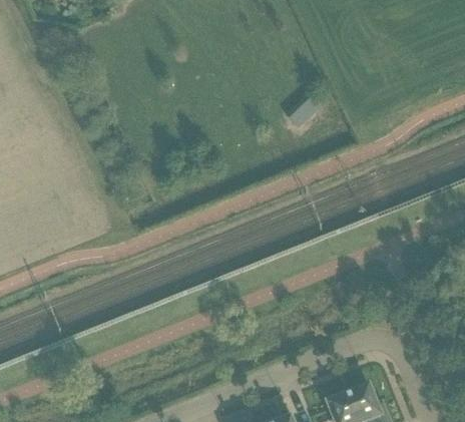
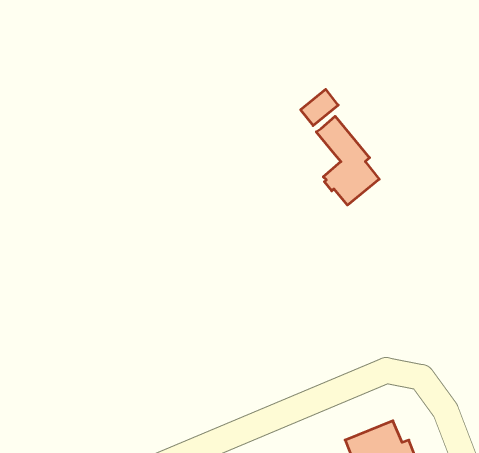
building: none -> [316,116,379,205]

